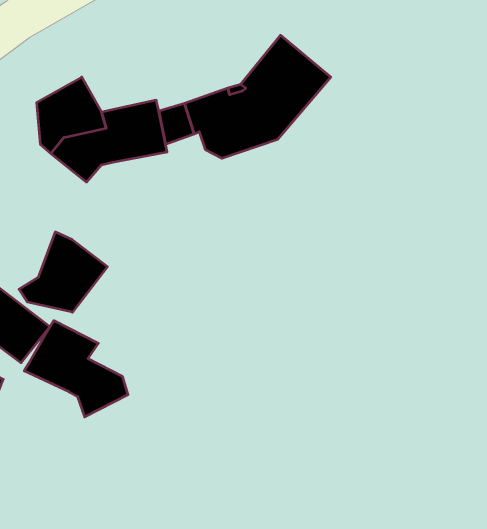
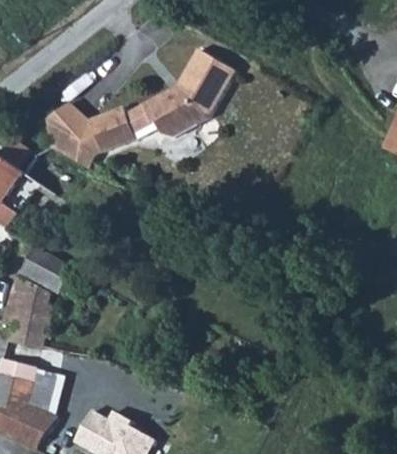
building: [19,232,107,312] -> none
building: [24,321,128,417] -> none

